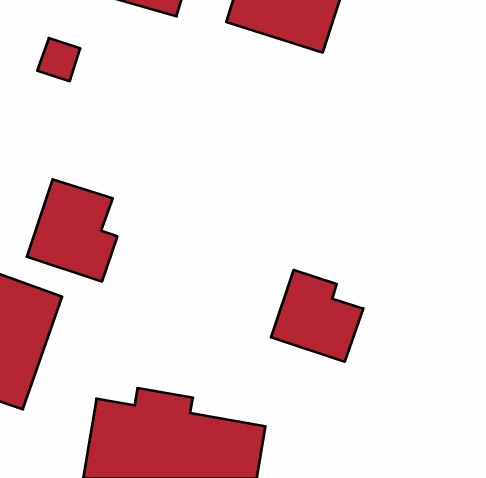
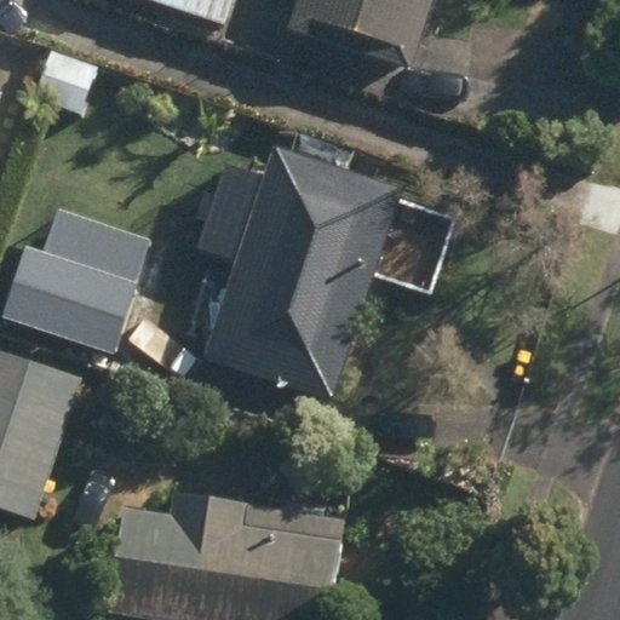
building: none -> [203,148,401,397]
building: [271,270,363,362] -> none

